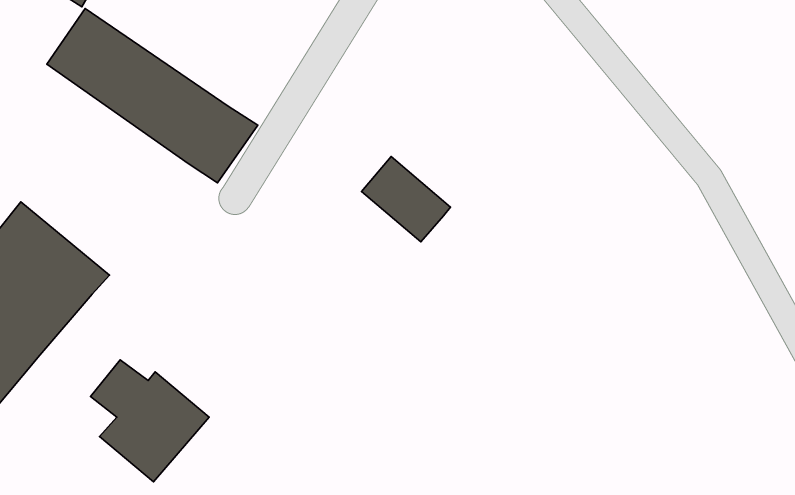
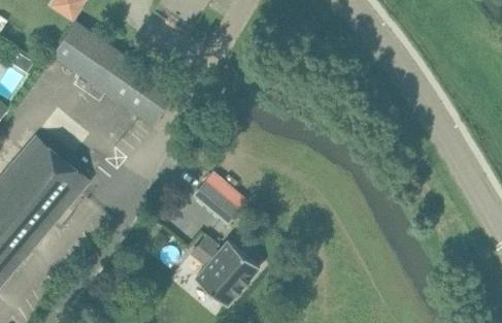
building: [361,157,450,242] -> [194,172,246,223]
building: [91,360,209,482] -> [189,232,259,304]

